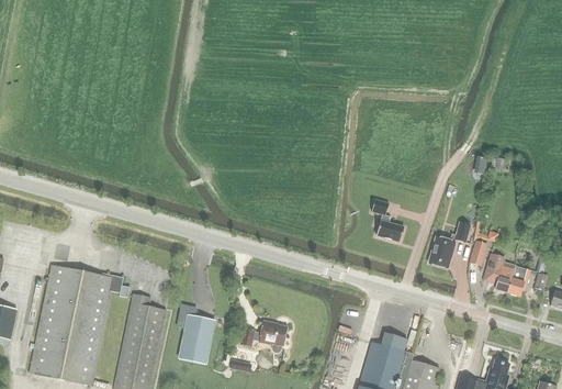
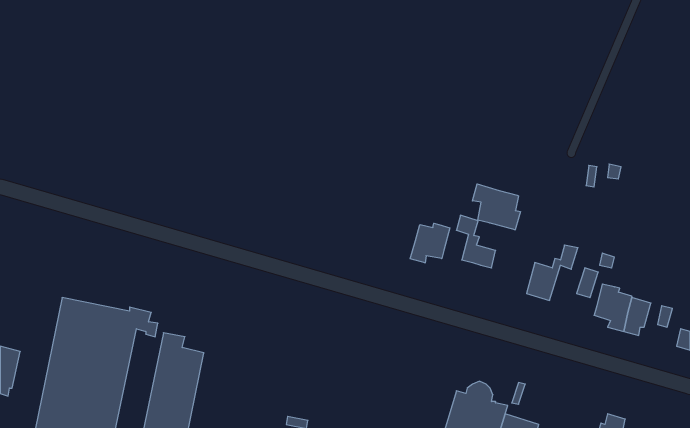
building: none -> [472,184,520,230]
building: none -> [410,223,450,263]
building: [177,304,214,364] -> none
building: [240,320,286,352] -> none

